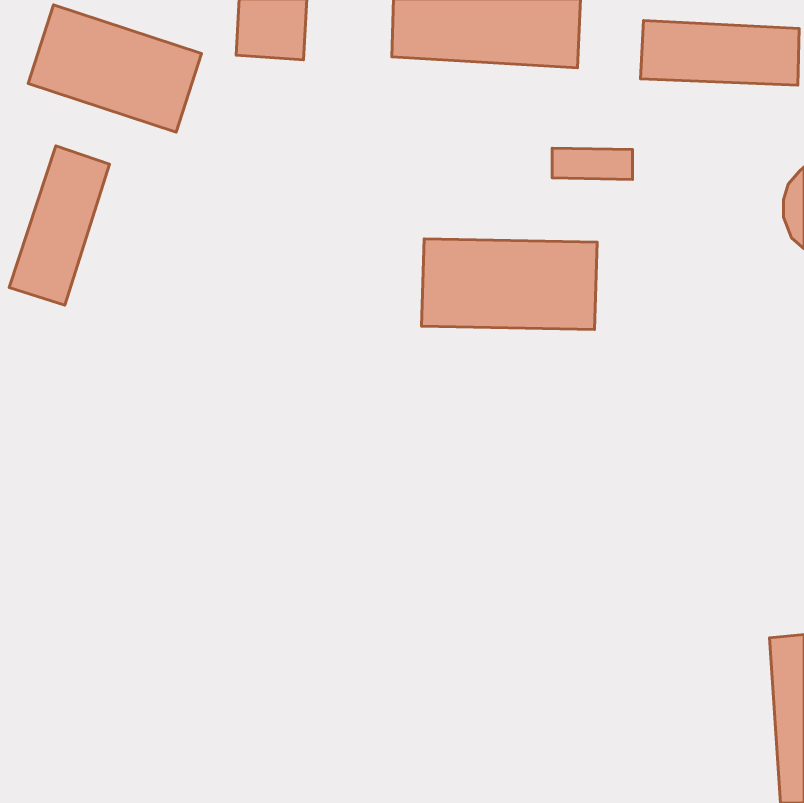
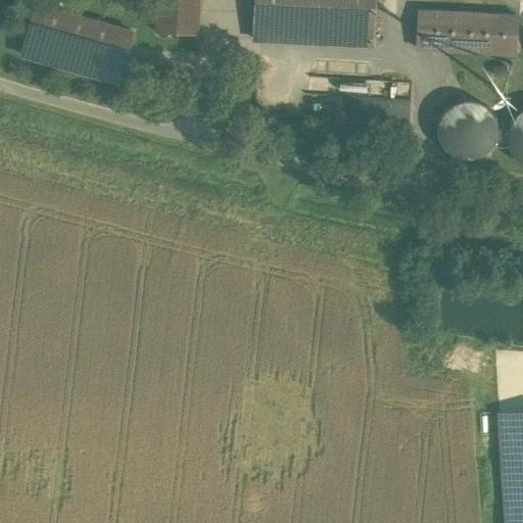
building: none -> [437,93,494,151]
building: [9,146,110,305] -> none
building: [422,239,597,329] -> none

